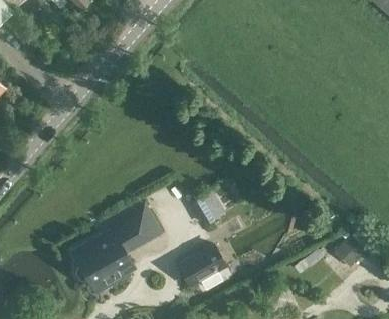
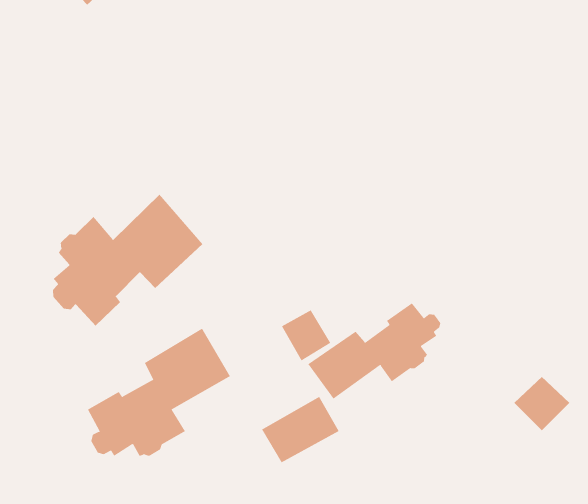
building: none -> [53,194,203,326]
building: none -> [307,302,441,399]

